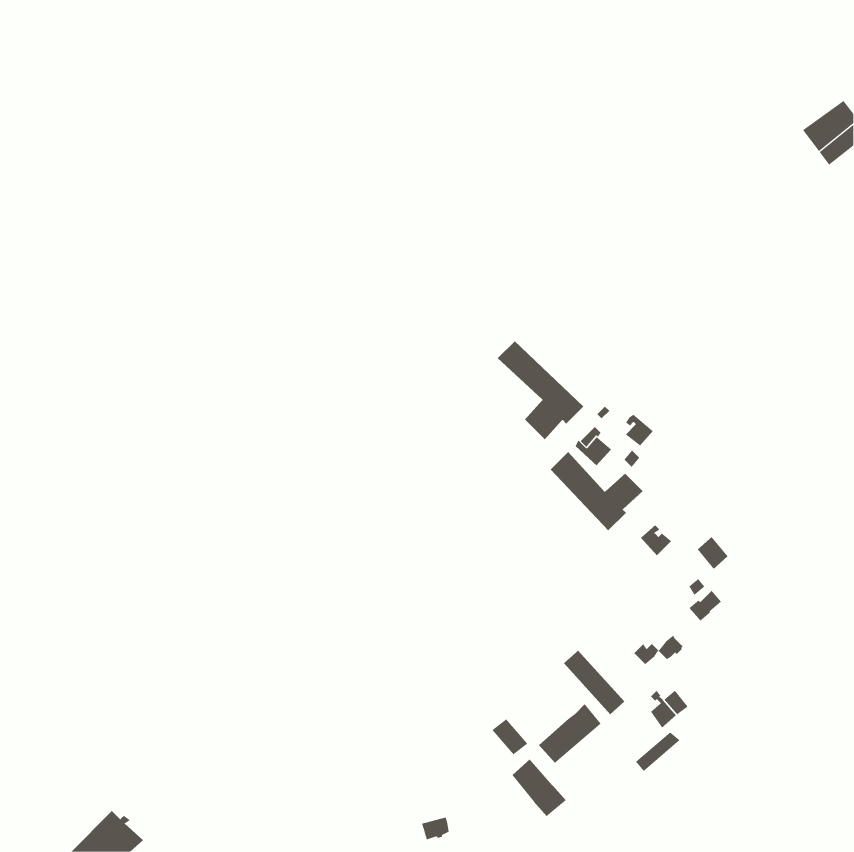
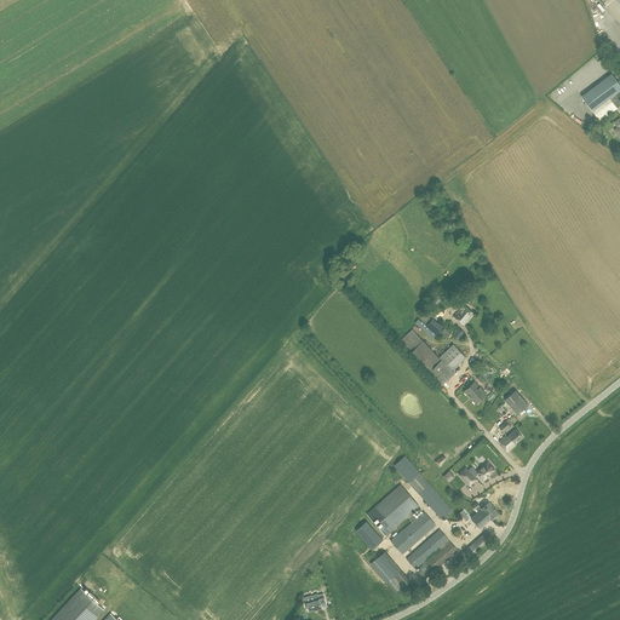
building: [497,340,584,440] -> none
building: none -> [367,484,419,534]
building: none -> [406,528,458,579]

